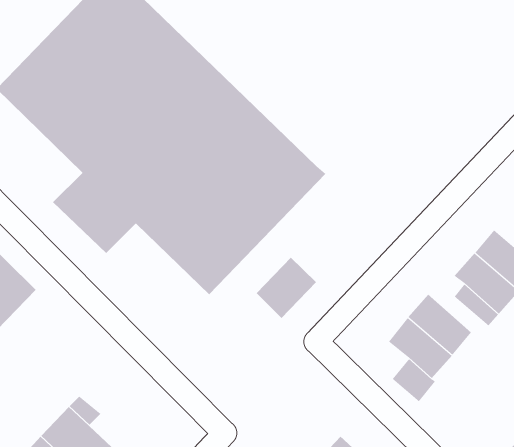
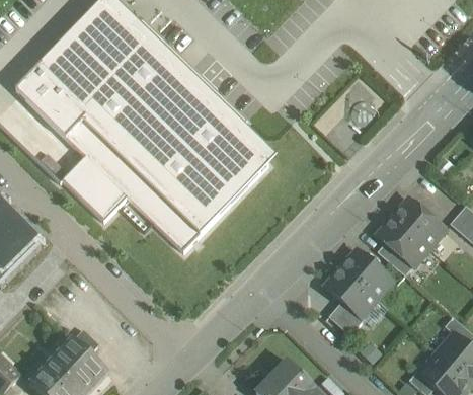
building: [256,257,317,319] -> none

